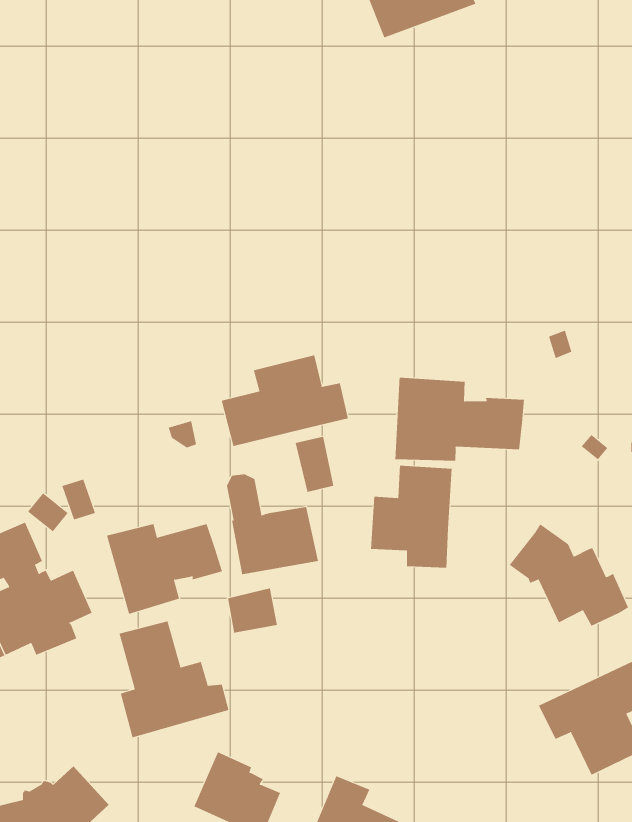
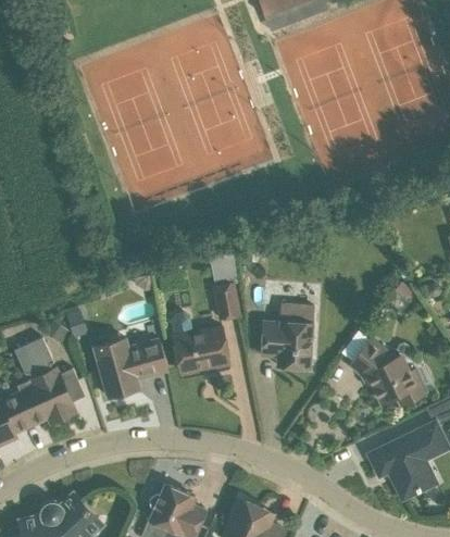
building: [221,354,348,447] -> none
building: [395,377,525,462] -> none
building: [227,588,277,634] -> none
building: [119,620,229,738] -> none

